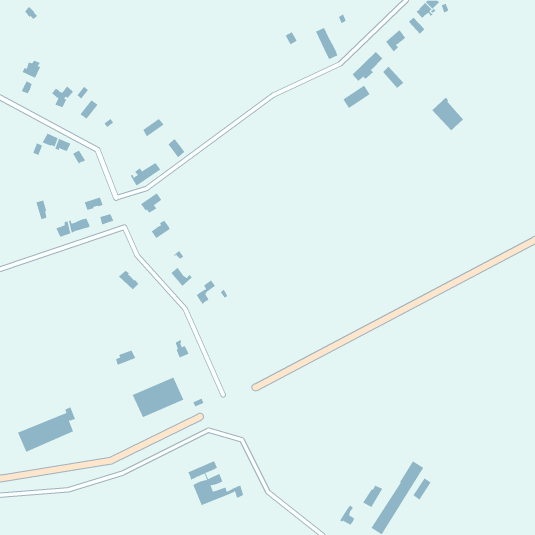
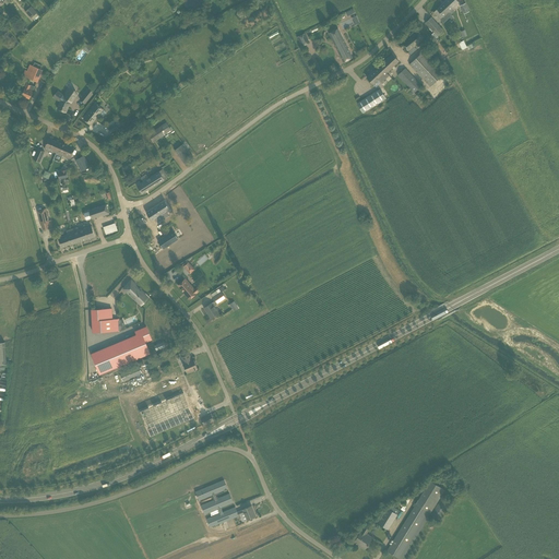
building: [431,96,464,131] -> [409,50,443,86]
building: none -> [92,309,119,332]
building: [17,406,76,453] -> [91,326,152,374]

